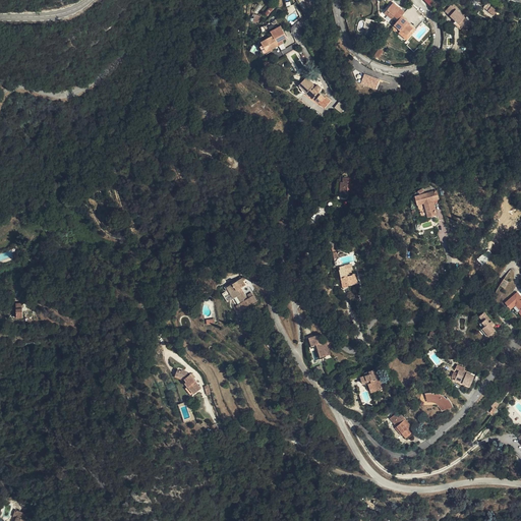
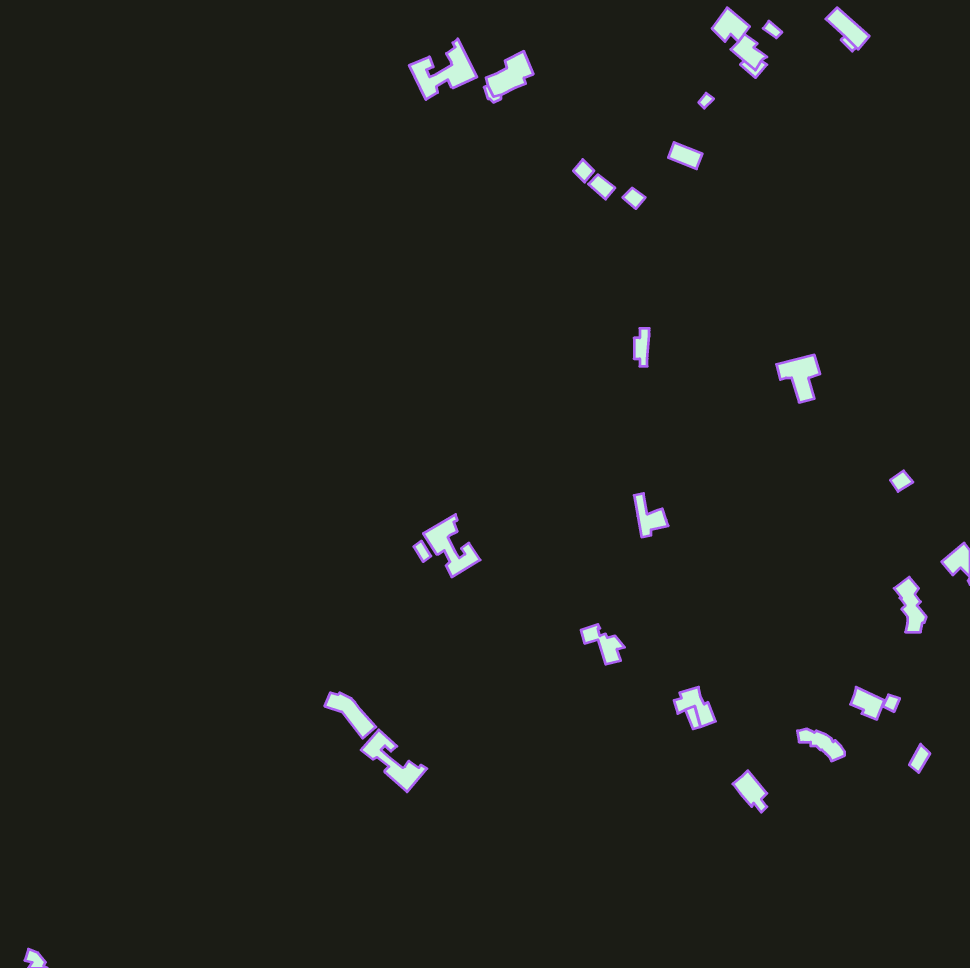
building: none -> [409,39,477,100]
building: none -> [361,730,427,792]

